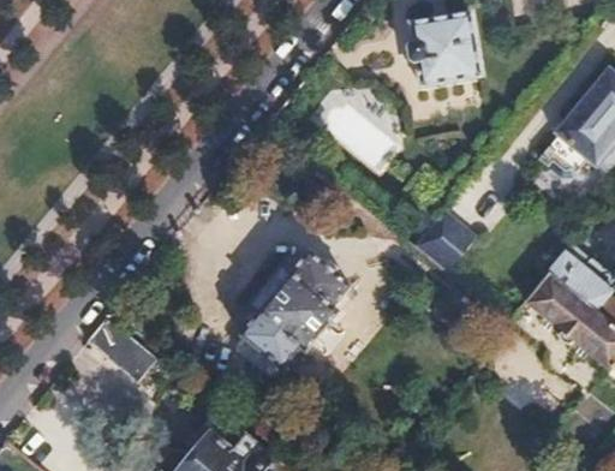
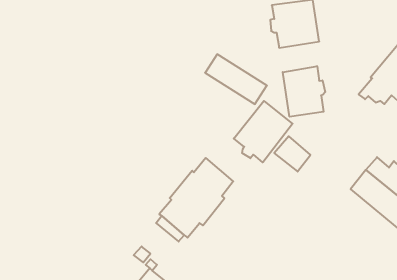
building: none -> [283,66,325,117]
building: none -> [234,101,293,162]
building: [86,316,156,381] -> none

